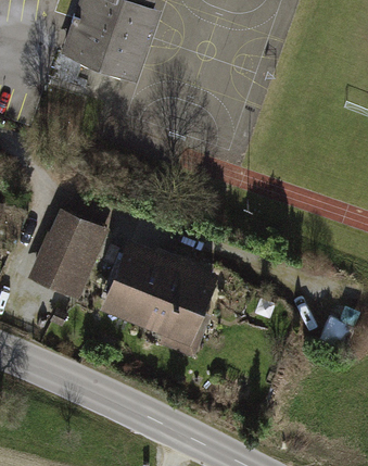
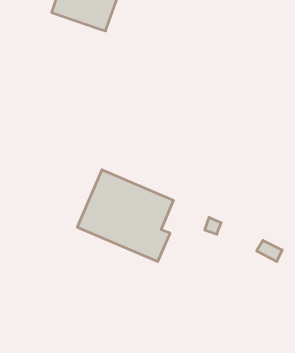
building: [28,211,107,299] -> none

